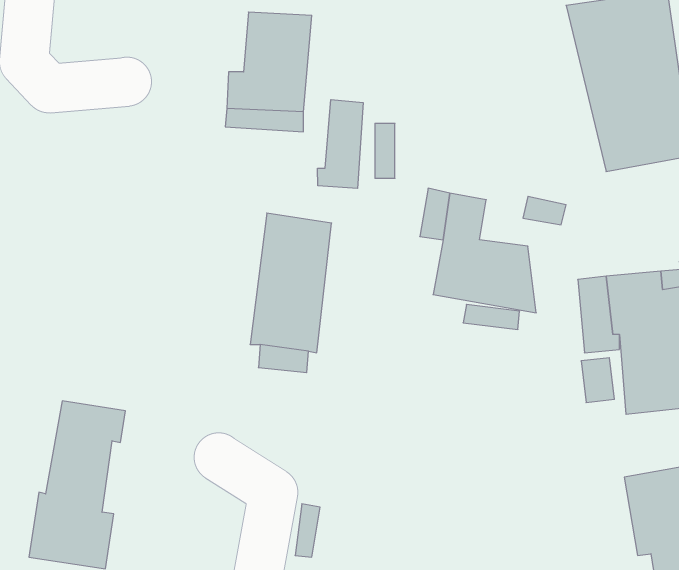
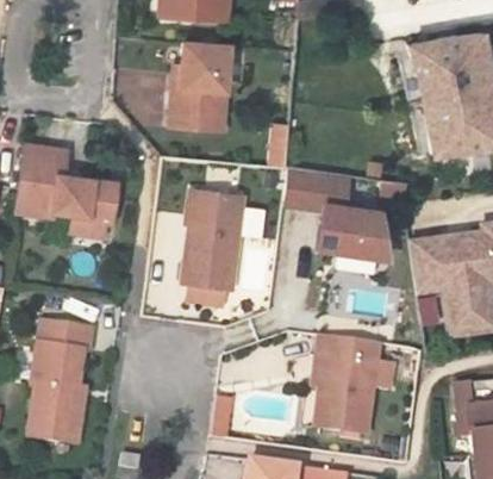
building: [318,100,363,188] -> none
building: none -> [18,143,114,235]
building: none -> [314,336,385,436]

